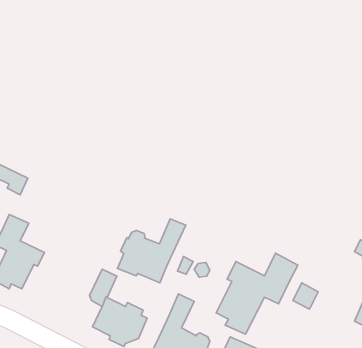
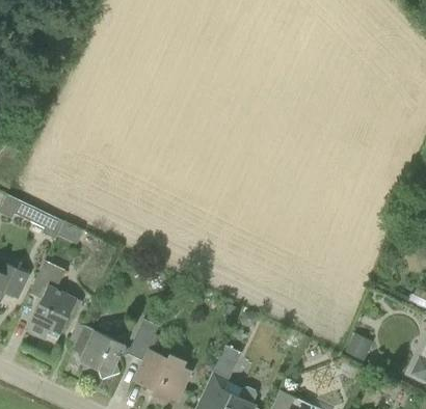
building: [118,219,186,283] -> none
building: [216,253,298,334] -> none
building: none -> [72,326,128,380]

